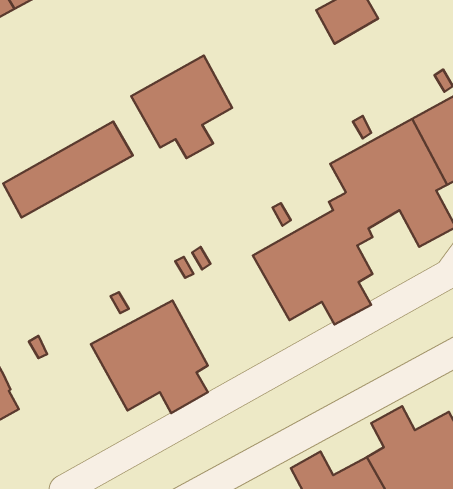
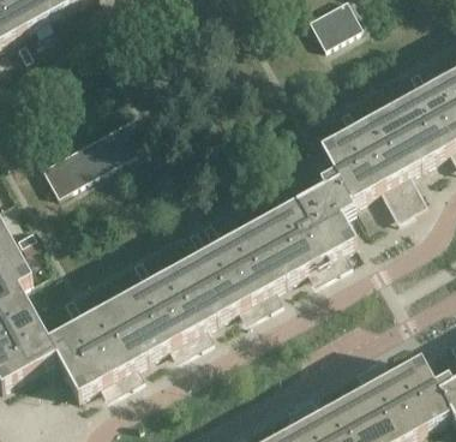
building: [131,56,232,158] -> none
building: none -> [186,220,286,316]
building: none -> [47,295,148,392]

